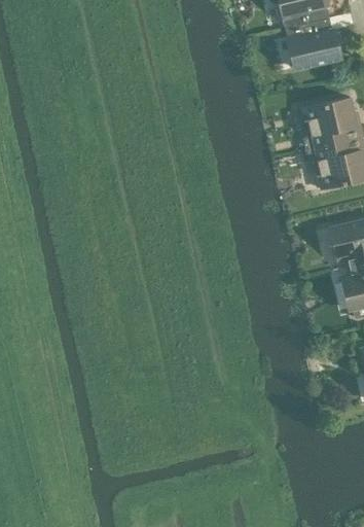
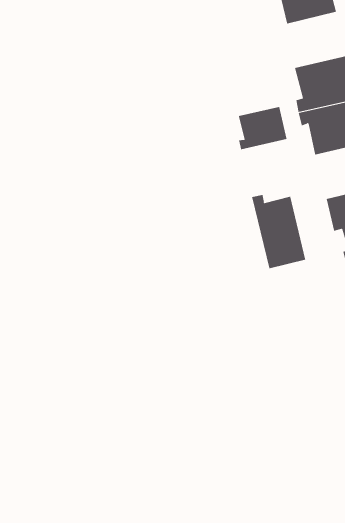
building: none -> [238,106,287,150]
building: none -> [252,194,306,269]

